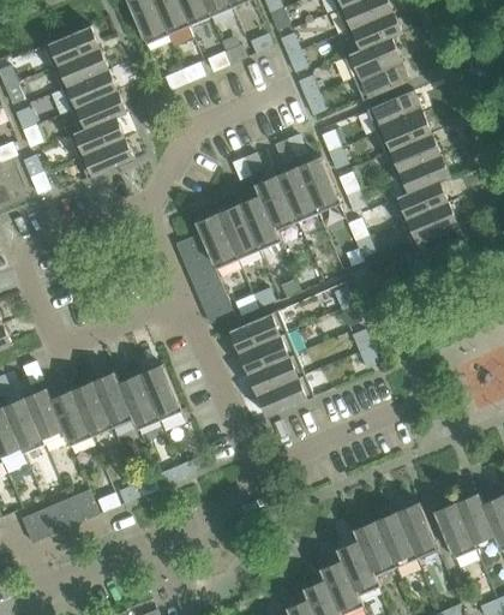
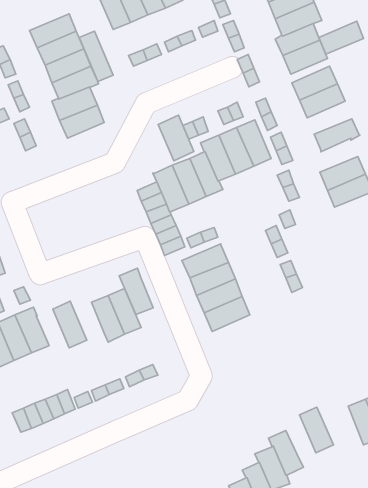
building: none -> [79,31,113,82]
building: [385,132,440,173] -> [319,21,364,54]
building: none -> [158,115,194,161]
building: [391,178,448,220] -> none
building: [92,370,134,428] -> [119,268,153,315]
building: [50,389,91,446] -> none
building: [397,501,439,557] -> none
building: [354,520,396,575] -> none

